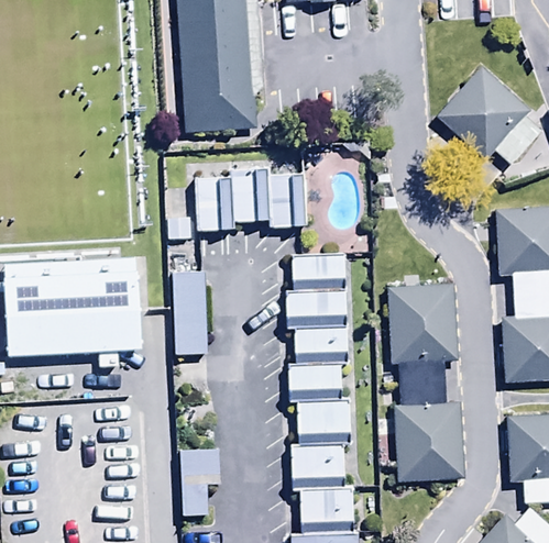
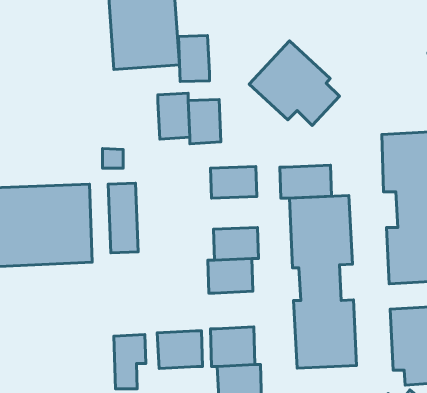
building: [436,67,541,166] -> [249,41,339,125]
building: [198,170,234,224] -> [178,36,209,82]
building: [288,281,349,320] -> [280,165,331,198]
building: [298,392,351,436] -> [157,331,202,369]

